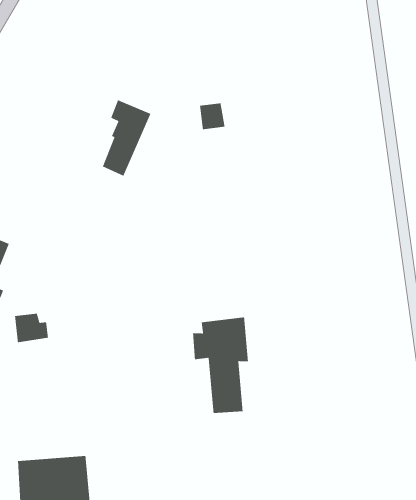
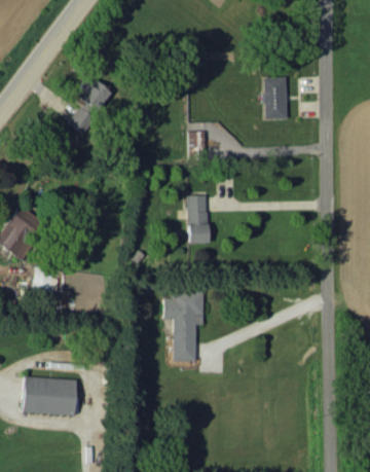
building: none -> [265,77,287,119]
building: [102,99,151,177] -> [70,75,111,133]
building: none -> [188,195,208,243]

